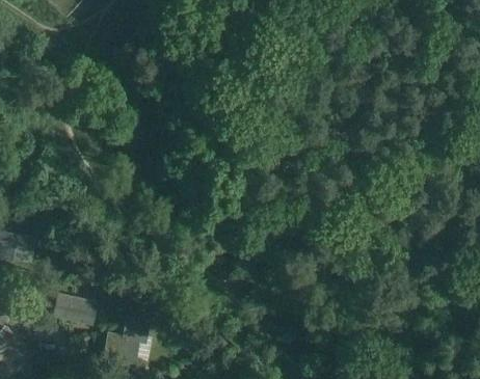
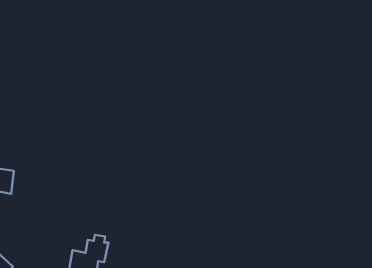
building: [51,294,97,327] -> none

